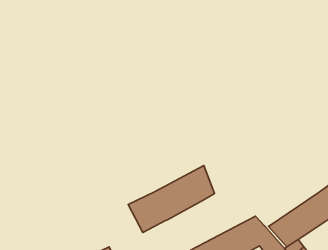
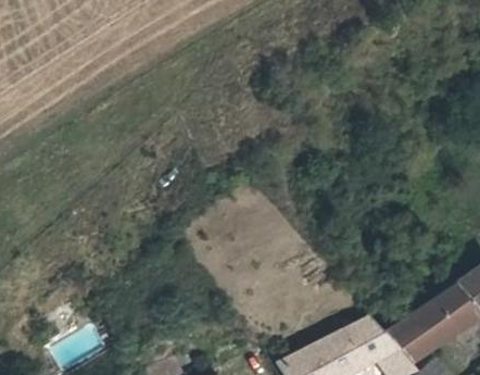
building: [128,165,215,233] -> none

